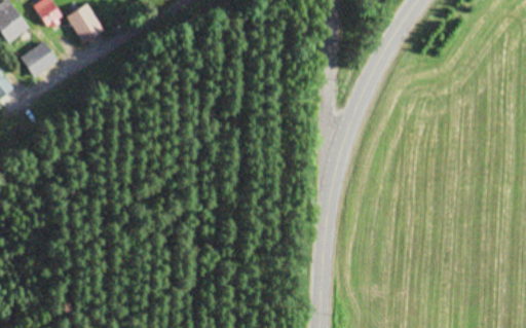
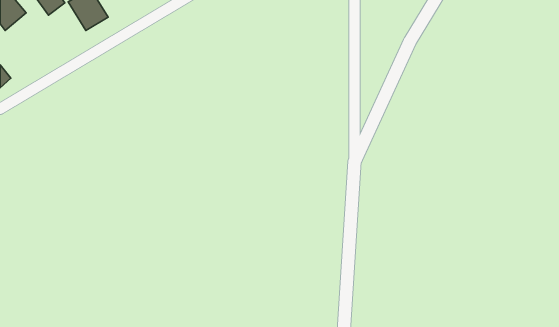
building: [21,40,58,76] -> none

